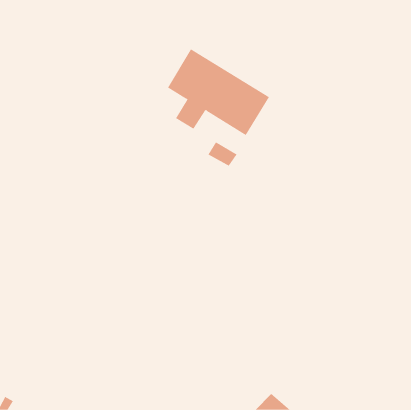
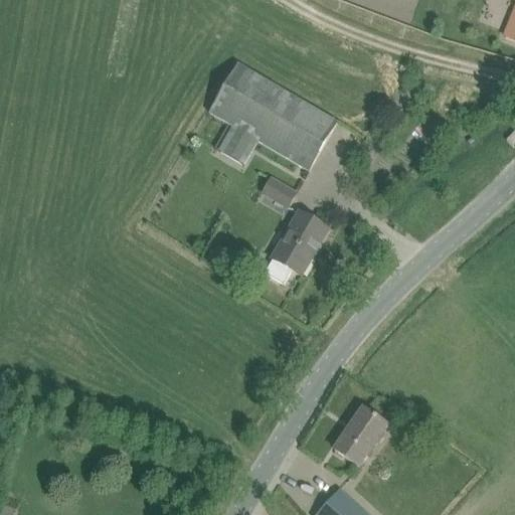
building: none -> [263,210,327,282]
building: none -> [333,406,387,466]

